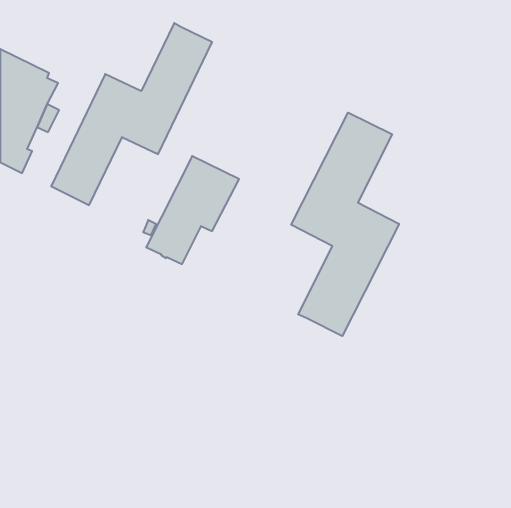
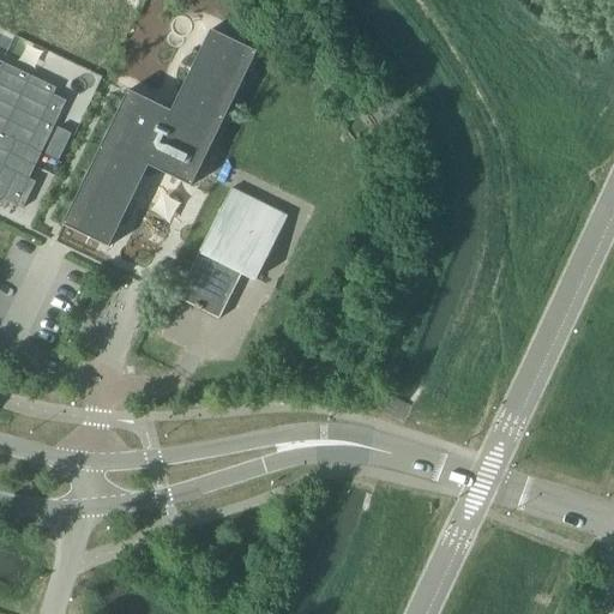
building: [291,113,399,336] -> none

